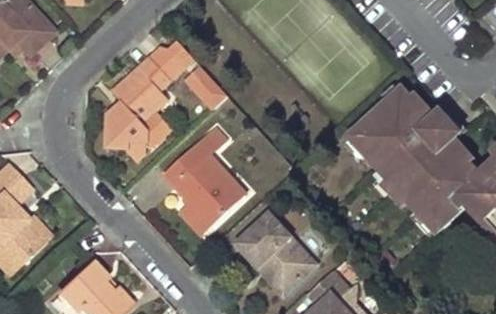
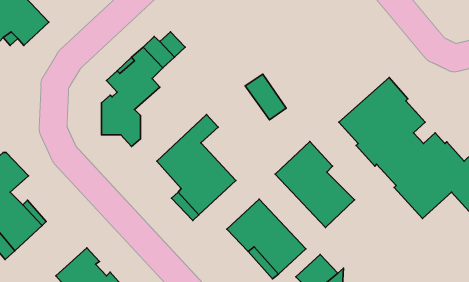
building: [186,64,228,111] -> [245,74,286,120]
building: [429,105,471,156] -> none
building: none -> [275,142,354,228]

